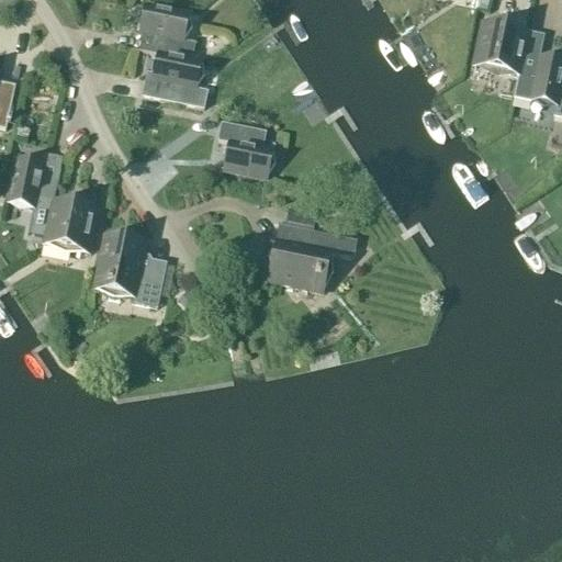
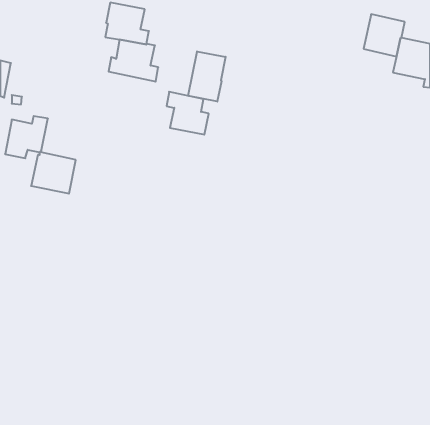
building: none -> [188,51,226,102]
building: [267,205,357,290] -> none
building: [93,232,166,305] -> none

